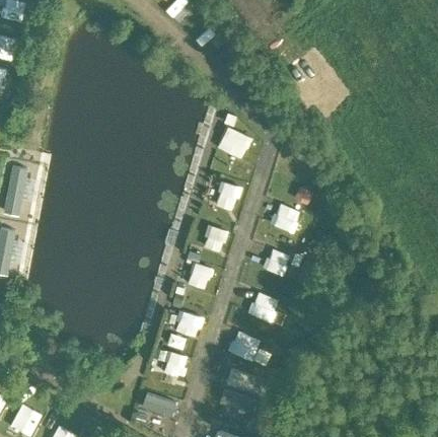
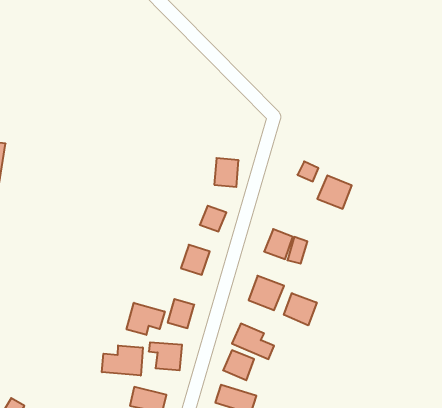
building: [217,127,252,160] -> none
building: [271,203,302,233] -> [317,175,352,209]
building: none -> [284,293,317,325]
building: none -> [127,303,165,335]
building: none -> [102,345,143,376]

